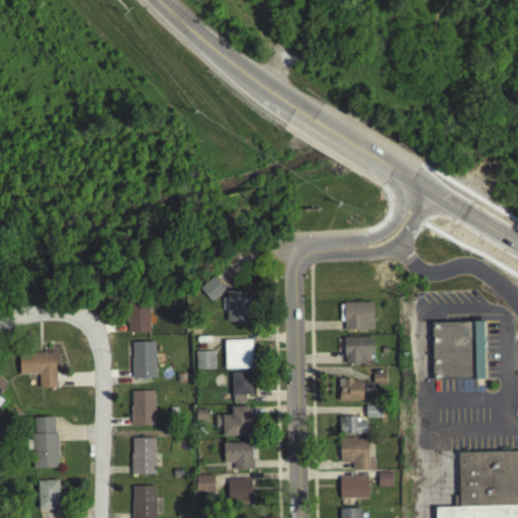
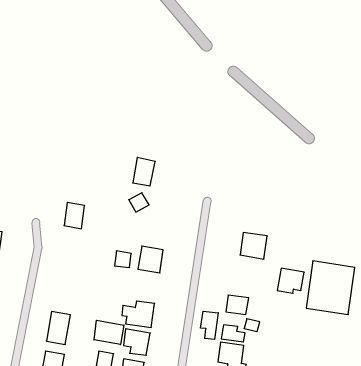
building: [229,290,251,322] -> [133,157,155,186]
building: [346,337,374,364] -> [277,268,304,293]
building: [133,341,157,378] -> none
building: [234,373,253,402] -> none
building: [133,391,157,426] -> none
building: none -> [201,311,218,339]
building: none -> [94,320,124,345]

